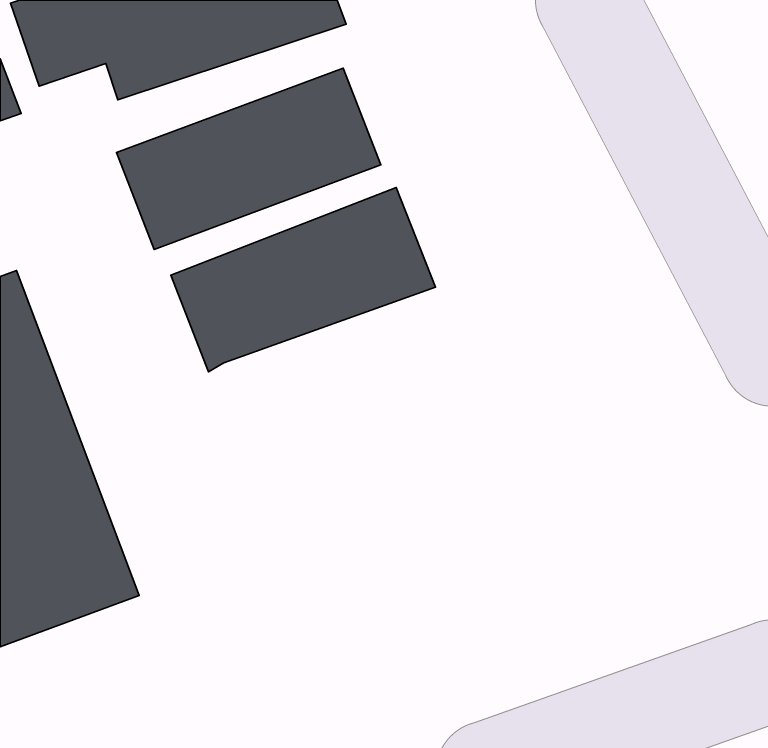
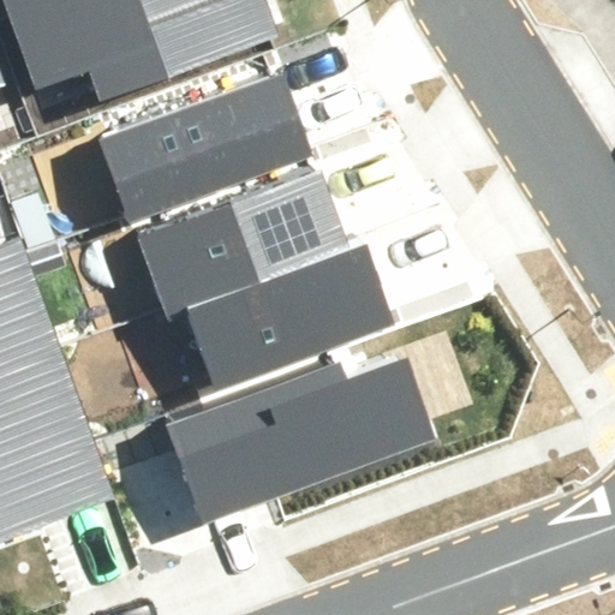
building: none -> [181,244,392,389]
building: none -> [165,356,432,520]

